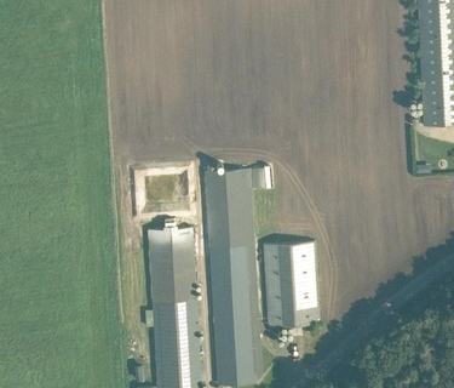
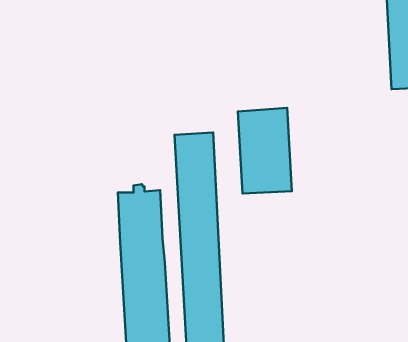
building: [263,241,317,327] -> [238,108,292,193]

